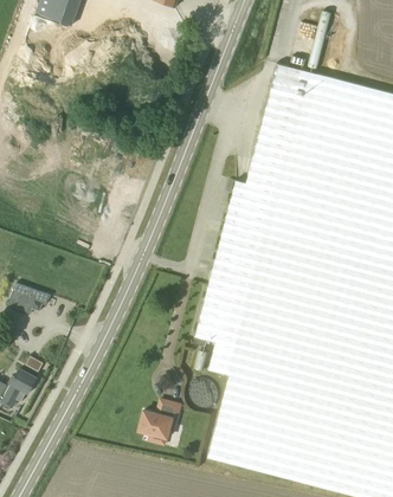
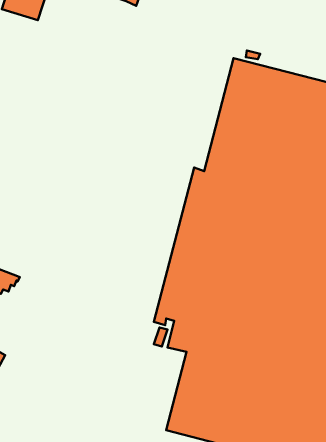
building: [138,400,180,445] -> none

